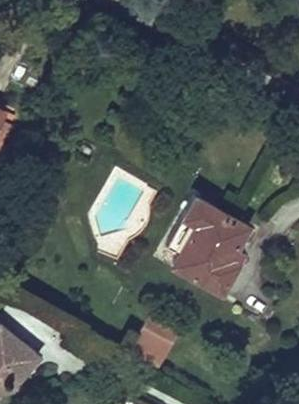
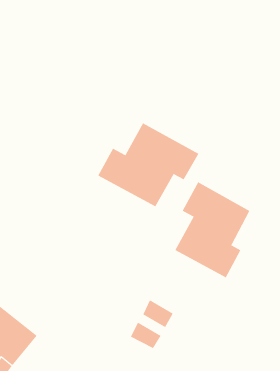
building: none -> [98,123,199,207]

